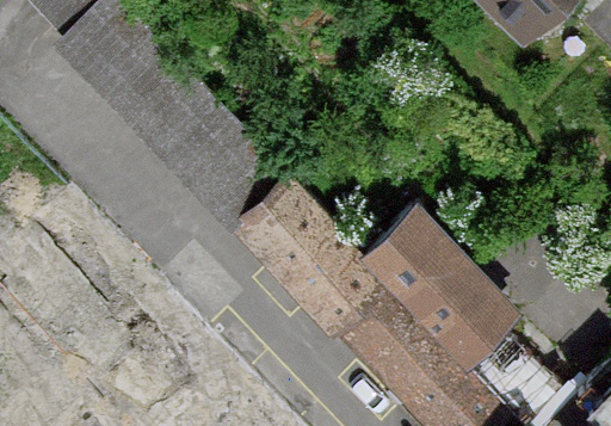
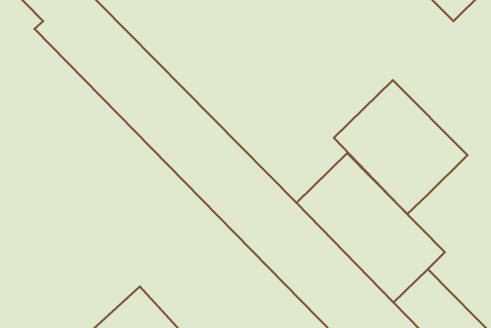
building: none -> [334,80,468,214]

